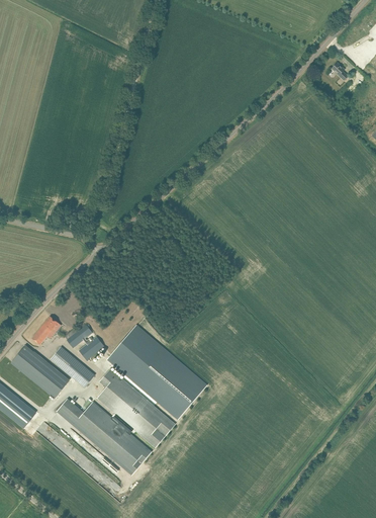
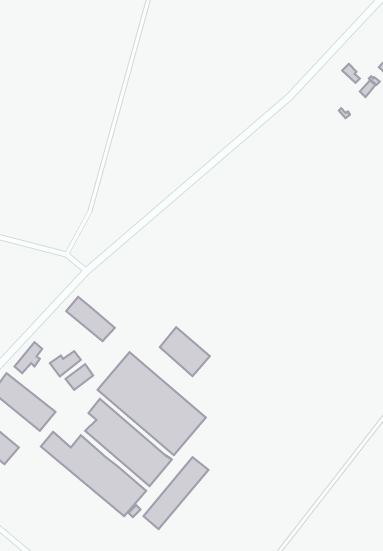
building: none -> [160,327,210,376]
building: [50,346,94,386] -> [66,297,115,341]
building: none -> [144,457,208,529]

